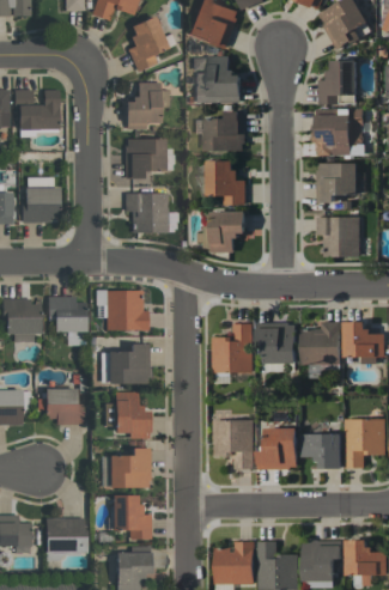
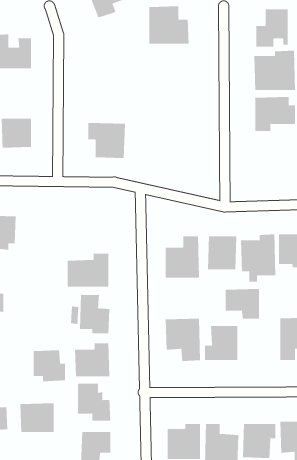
building: [123,81,166,128] -> none
building: [203,110,244,151] -> none
building: [123,138,171,178] -> none
building: [206,159,245,205] -> none
building: [199,209,247,250] -> none
building: [316,215,360,256] -> none
building: [104,290,146,330] -> none
building: [45,296,85,332] -> none
building: [43,388,81,425] -> [33,350,66,382]
building: [300,432,341,468] -> [225,288,260,319]

